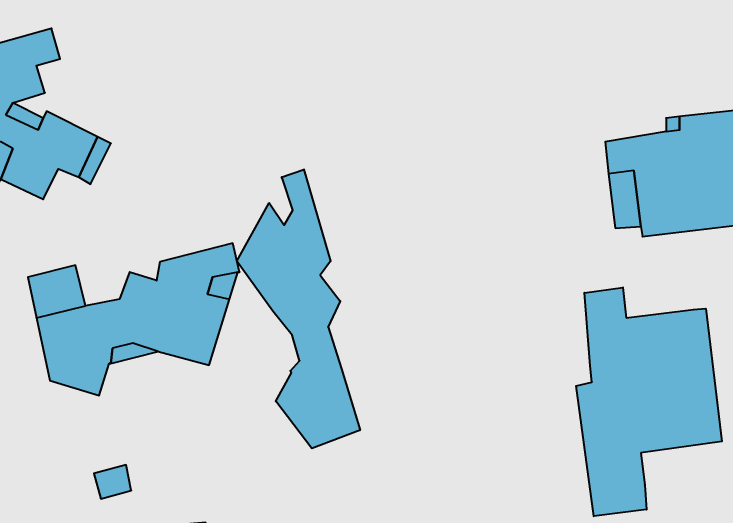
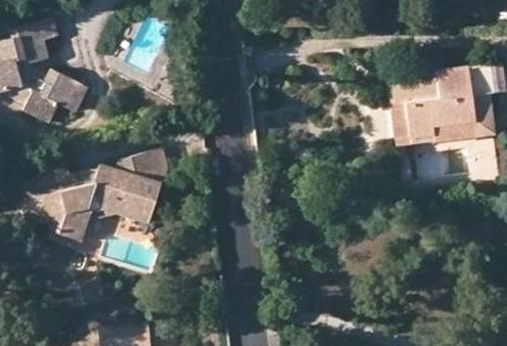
building: [237,169,360,448] -> none
building: [576,287,722,516] -> none

